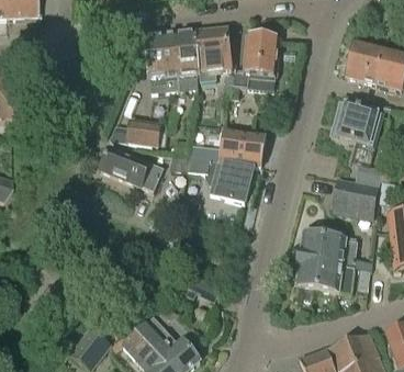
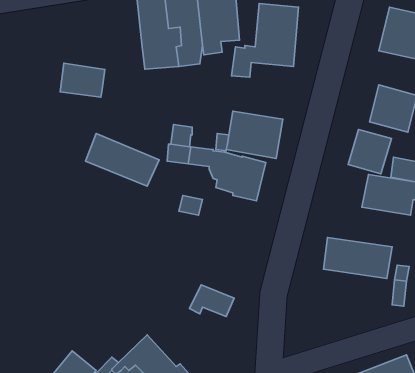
building: [125,117,162,146] -> [60,63,105,97]
building: none -> [348,129,391,174]
building: [295,259,352,300] -> none

